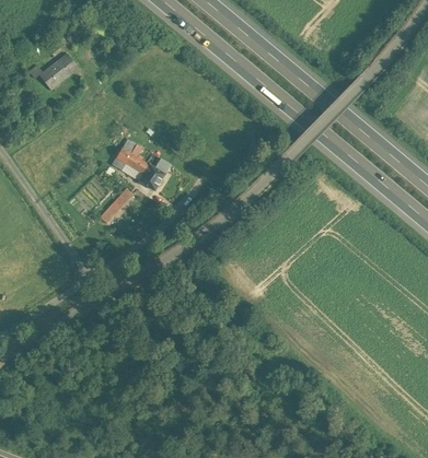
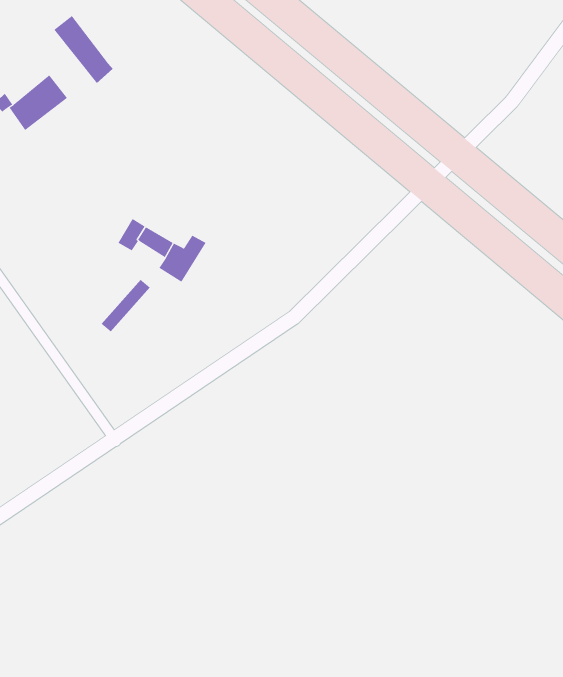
building: none -> [54,15,113,84]

